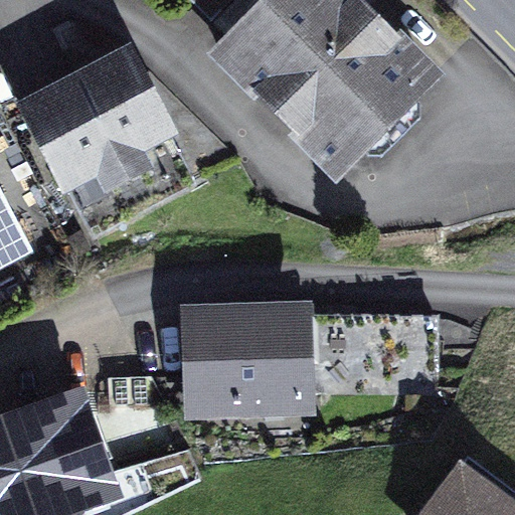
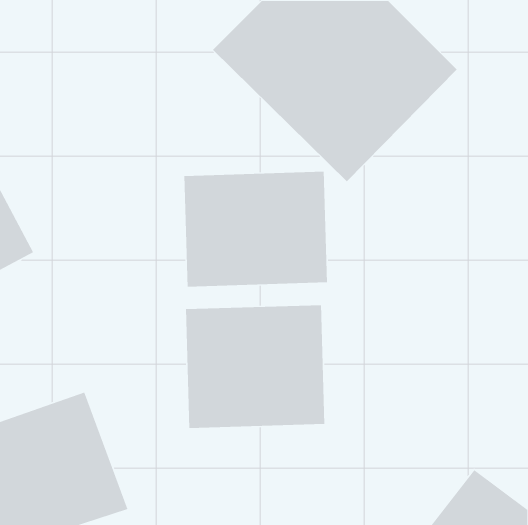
building: [14,39,180,195] -> none
building: none -> [184,171,328,288]

